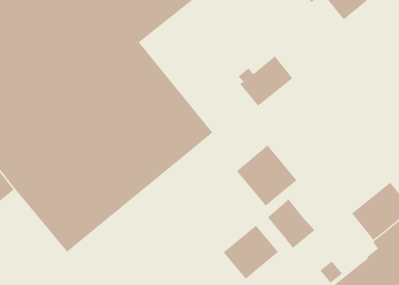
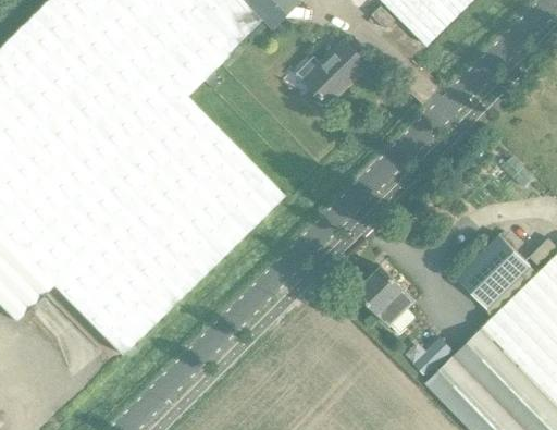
building: [238,55,293,107] -> [301,40,368,103]
building: [236,145,297,207] -> none
building: [223,225,279,280] -> none

